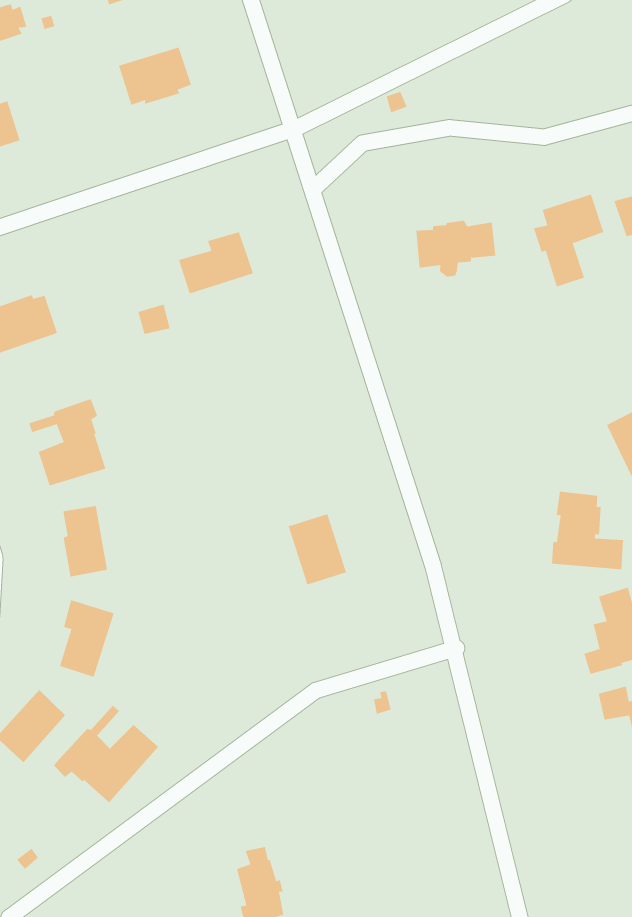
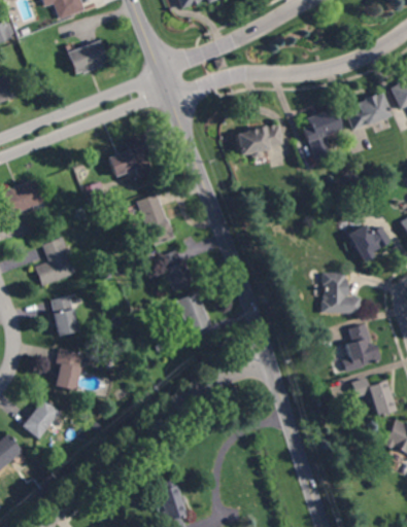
building: none -> [137,194,175,245]
building: none -> [159,250,192,290]
building: [53,705,159,803] -> none

